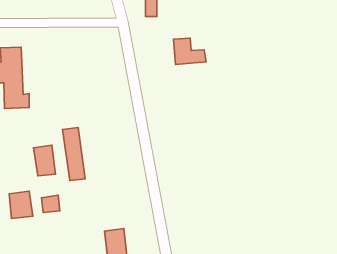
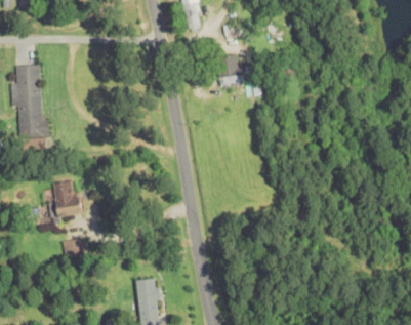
building: [63,128,85,180] -> none
building: [9,191,33,219] -> none

